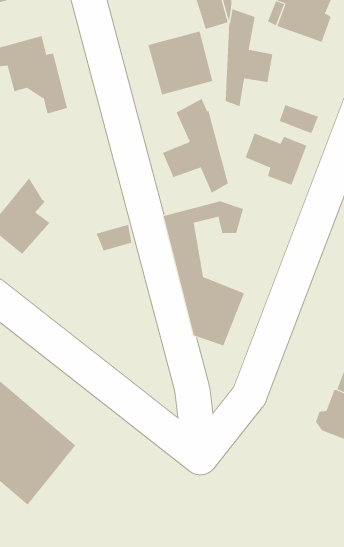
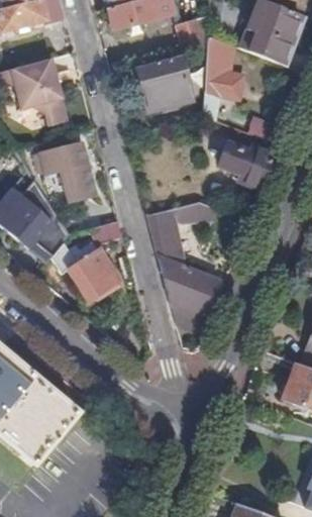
building: [162,98,228,193] -> none
building: none -> [34,143,91,204]
building: none -> [49,243,120,300]

